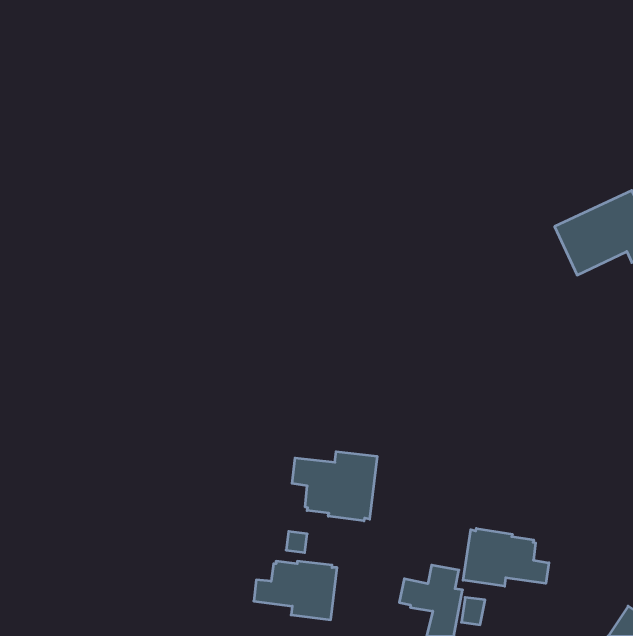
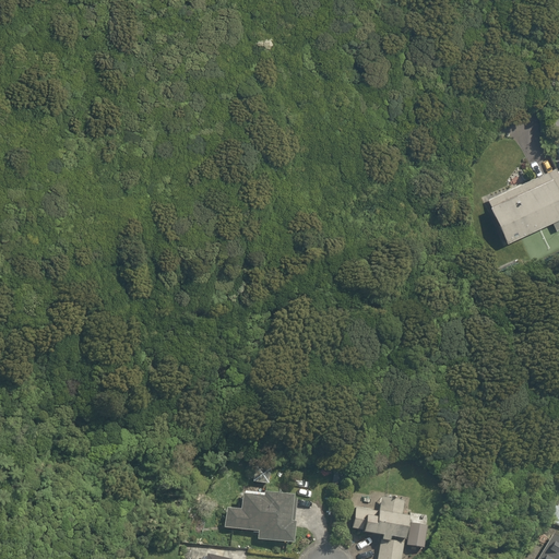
building: [292,452,377,521] -> none
building: [463,528,549,586] -> none

